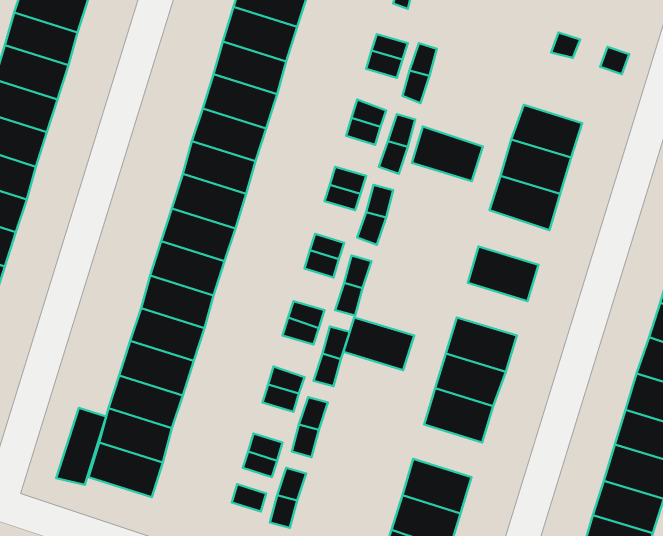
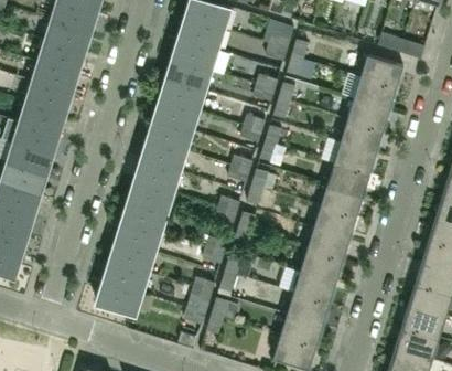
building: none -> [360,55,402,88]
building: [412,127,483,181] -> [333,141,376,174]
building: [343,317,414,370] -> [320,186,363,218]
building: [56,408,106,485] -> none
building: none -> [293,272,335,304]

